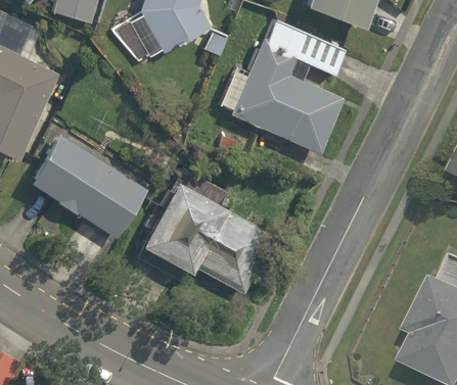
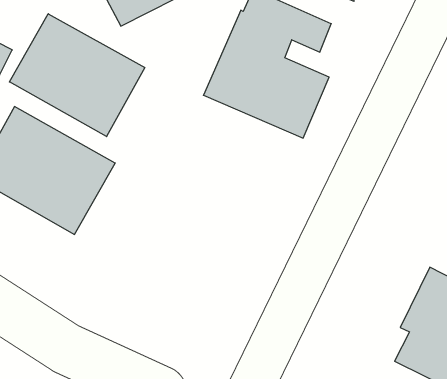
building: none -> [9,14,145,137]
building: [144,167,274,291] -> none

